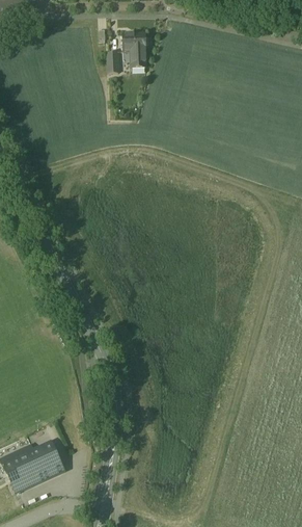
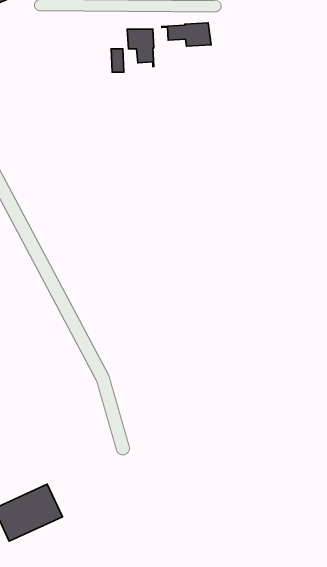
building: none -> [162,23,211,46]

